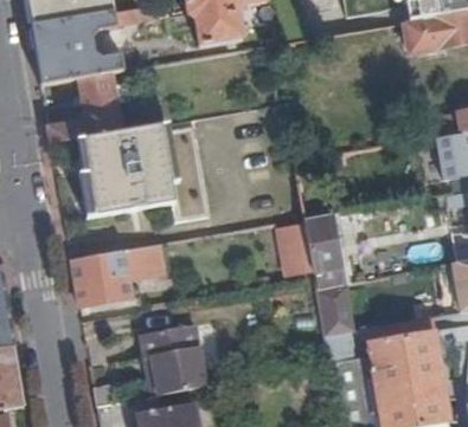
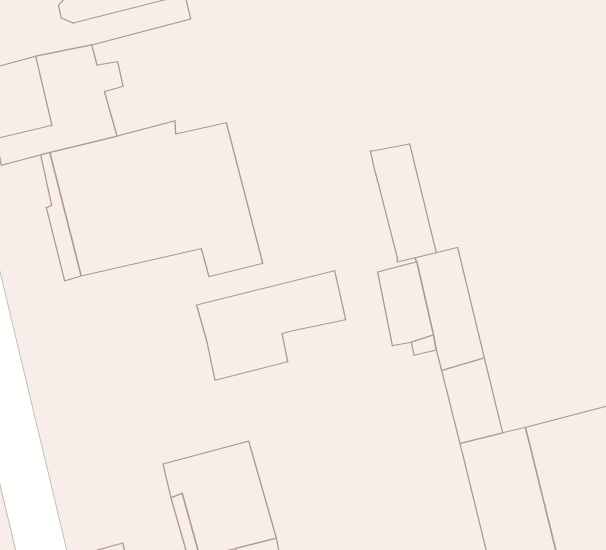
building: none -> [370,144,436,262]
building: [70,242,162,305] -> [196,271,346,380]

